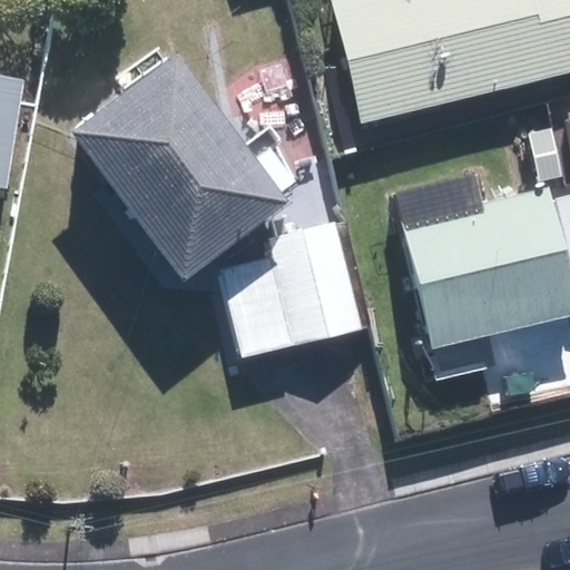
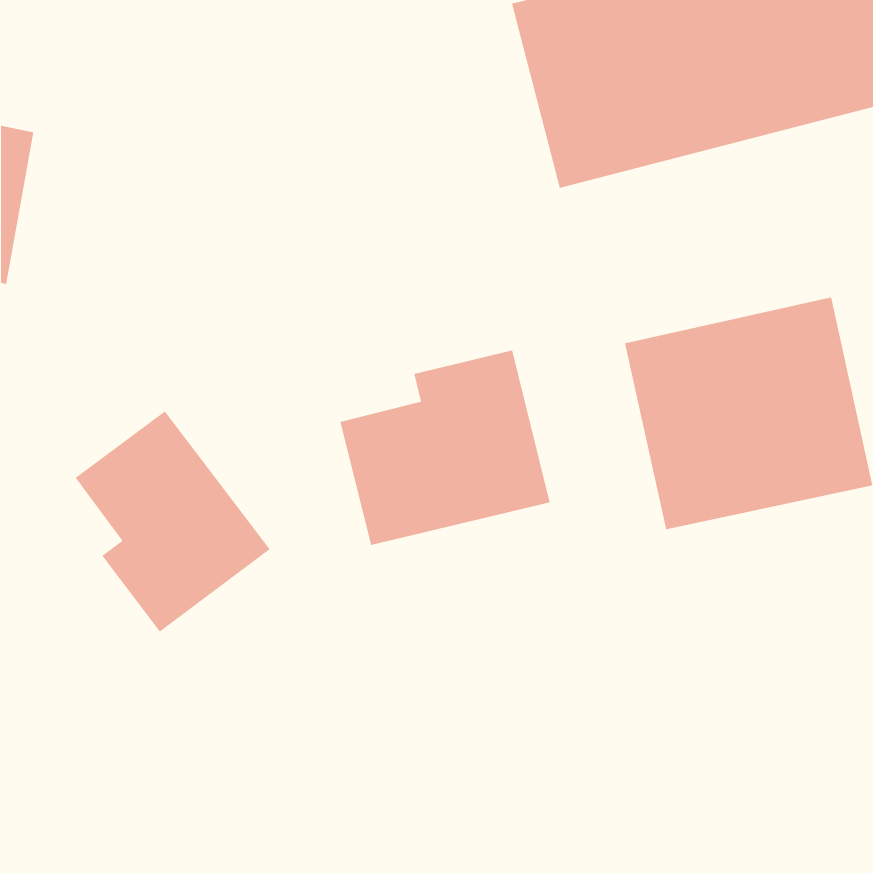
building: [73,59,281,278] -> none
building: none -> [75,411,271,632]

